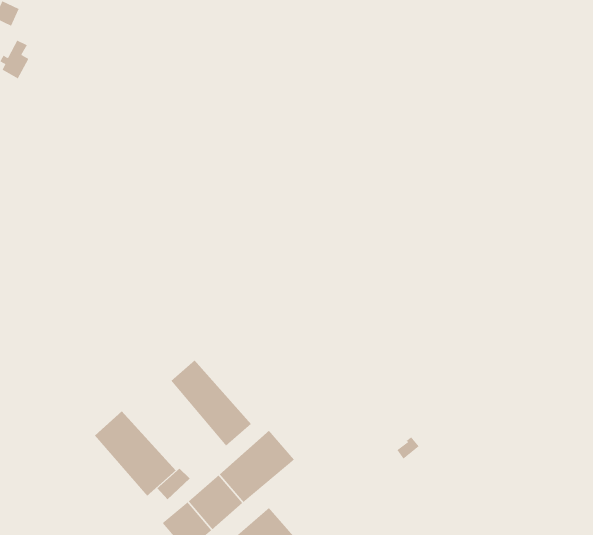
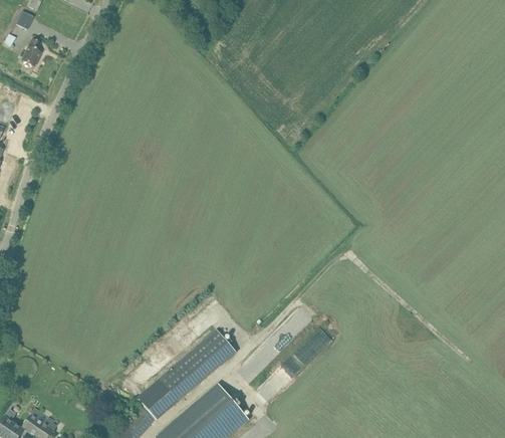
building: [170,359,252,446] -> none
building: [94,411,176,496] -> none

